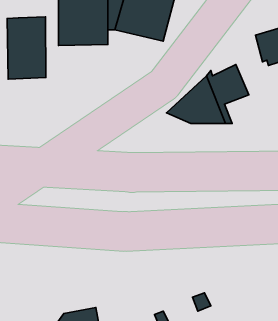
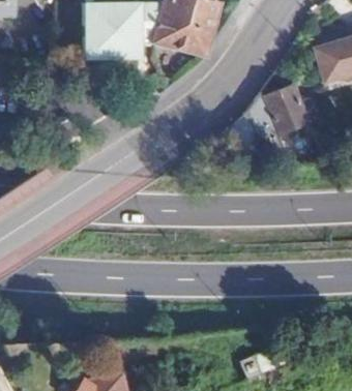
building: [7,17,46,79] -> none

